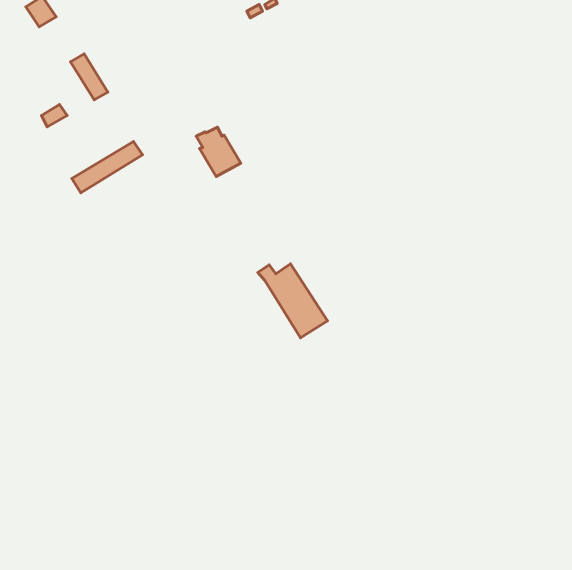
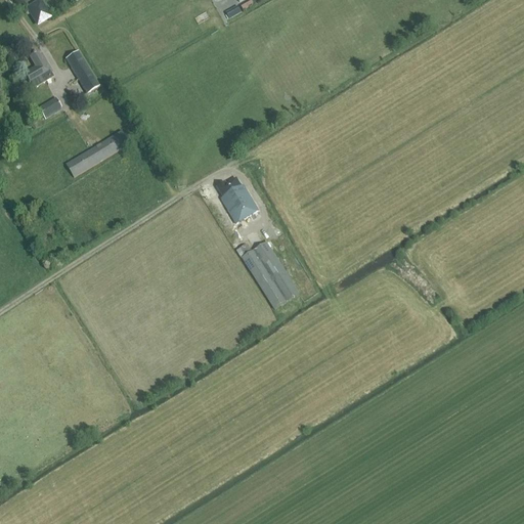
building: none -> [24,50,53,87]
building: [196,127,241,177] -> [217,177,258,222]

